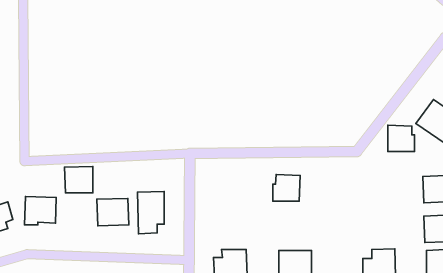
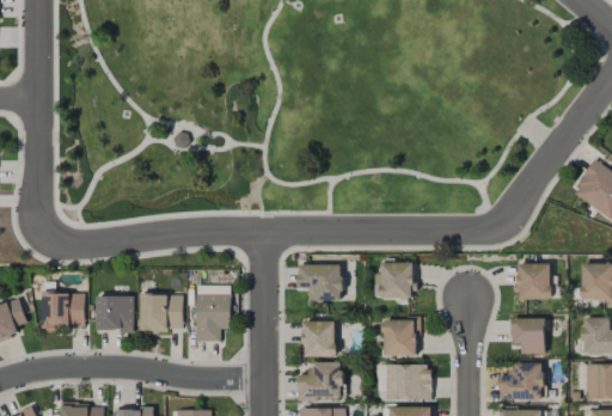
building: [388,125,414,152] -> [518,263,553,299]
building: [64,166,93,193] -> [96,295,134,331]
building: none -> [298,264,342,301]
building: none -> [384,318,418,356]
building: none -> [510,318,545,354]
building: none -> [302,320,336,357]

